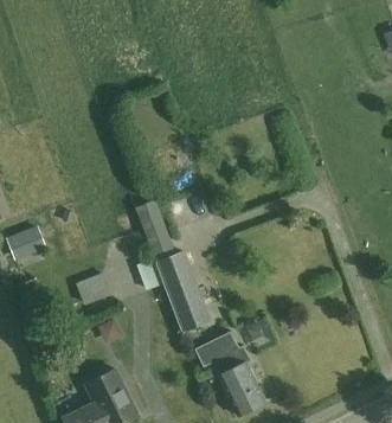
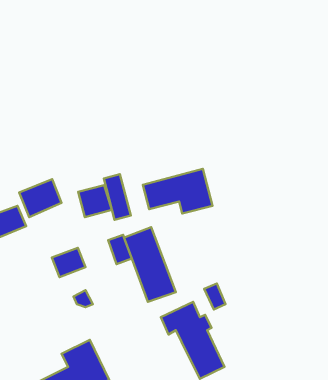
building: none -> [143,169,212,214]
building: none -> [19,179,62,217]
building: none -> [78,185,112,217]

